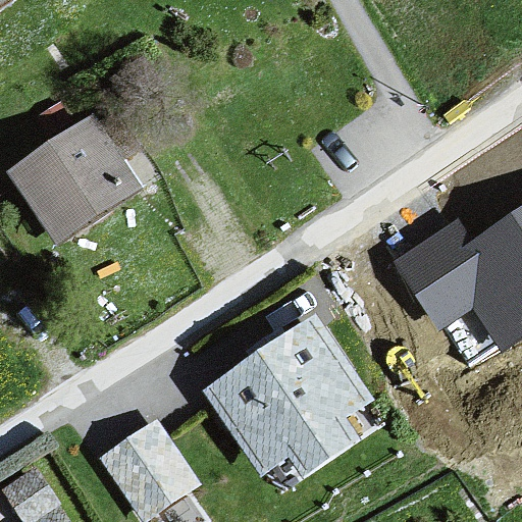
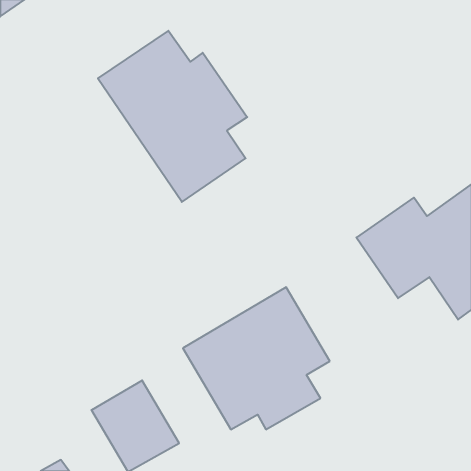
building: none -> [98,31,247,202]
building: [6,106,142,245] -> none

